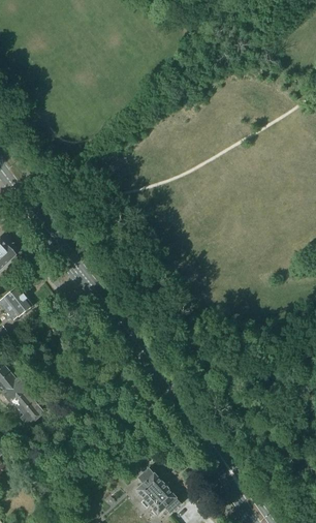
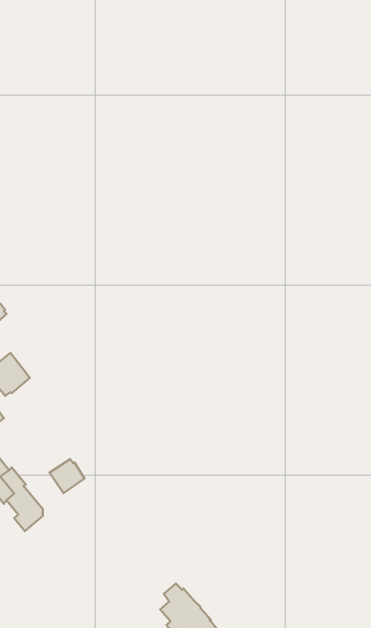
building: none -> [50,459,85,493]

